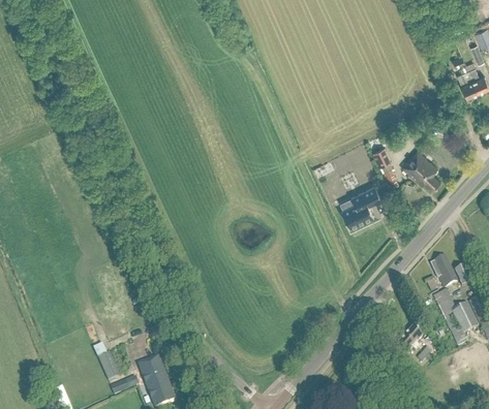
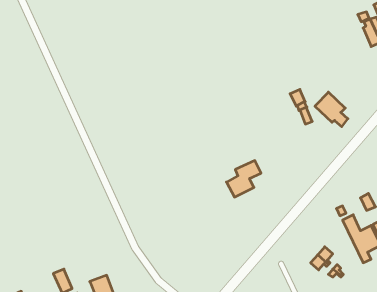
building: [341,183,381,225] -> [226,161,261,197]
building: [431,256,459,287] -> none

